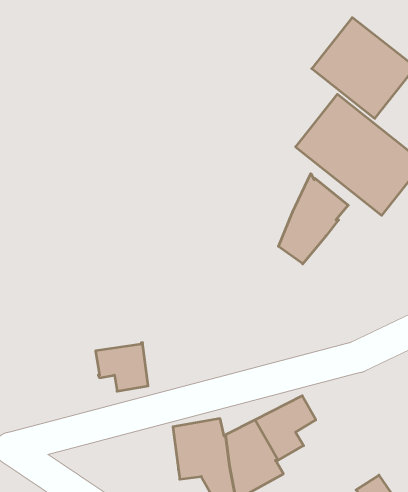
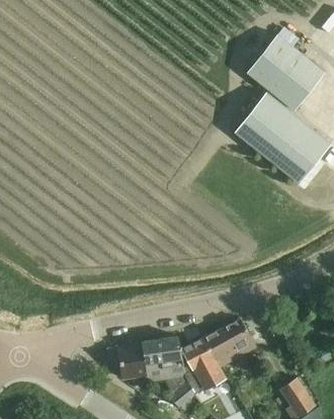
building: [278,174,348,264] -> none
building: [96,343,148,391] -> [107,342,147,379]

